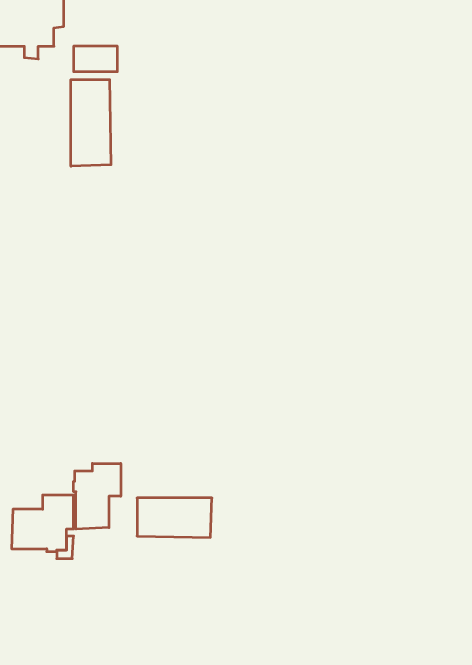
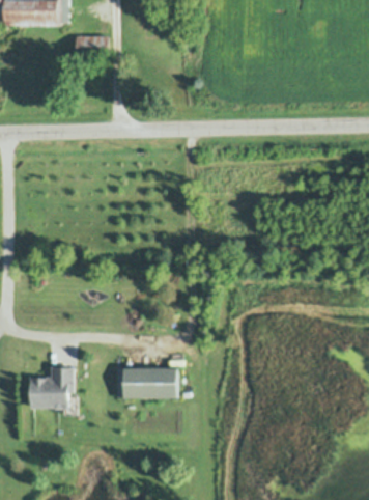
building: [71,80,111,166] -> none
building: [74,463,121,529] -> none

